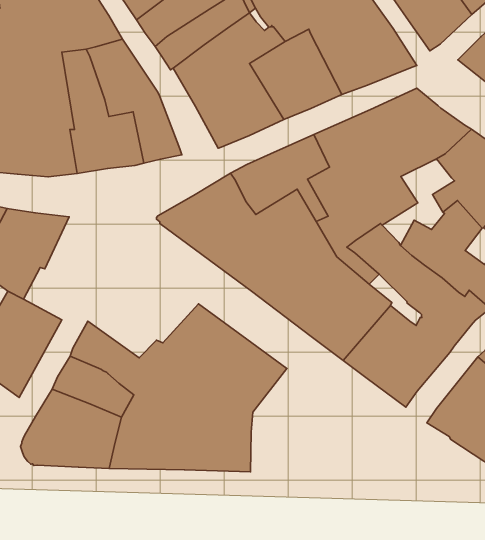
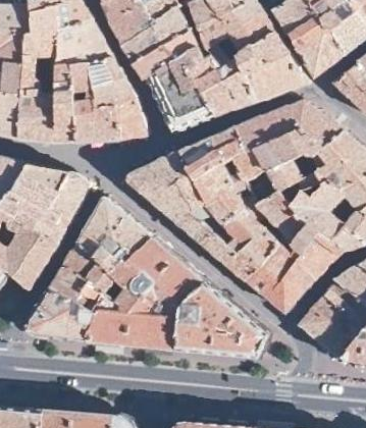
building: none -> [35,172,91,240]
building: none -> [76,197,151,269]
building: none -> [178,282,269,357]

